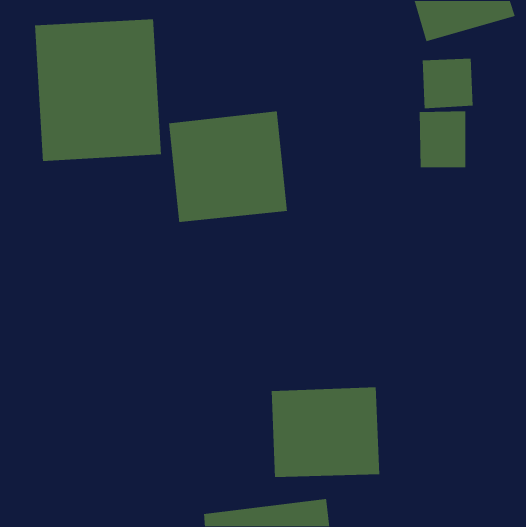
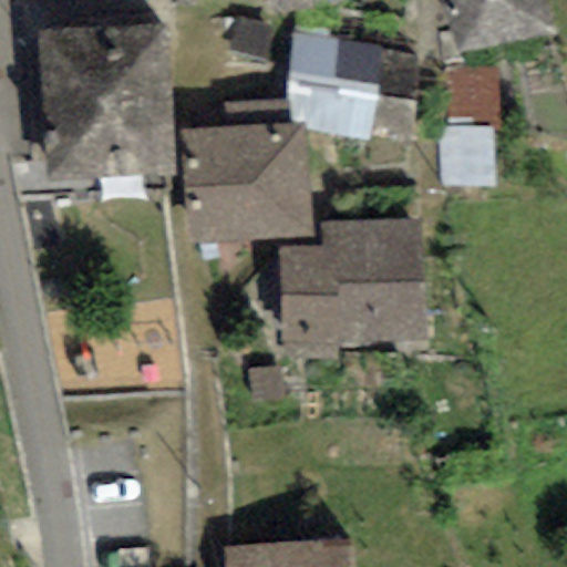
building: none -> [285,33,420,132]
building: none -> [277,219,422,363]
building: [271,386,380,478] -> none

